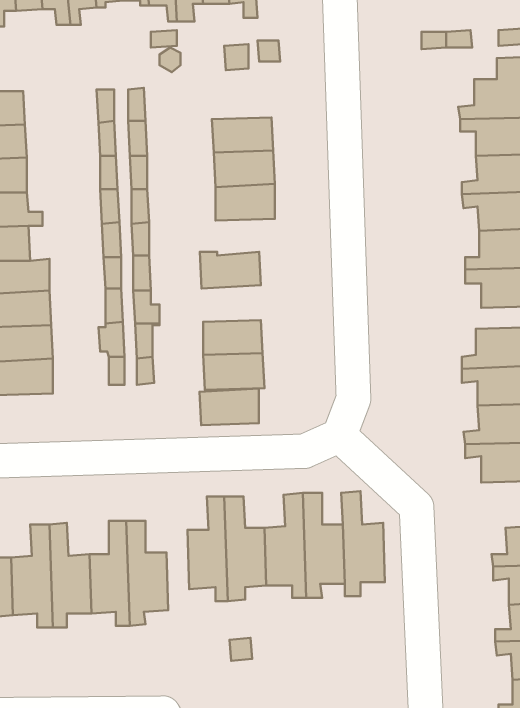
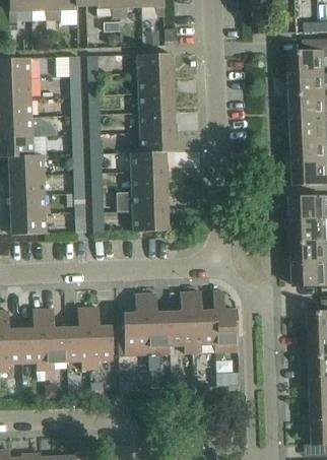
building: none -> [136,53,172,74]
building: none -> [139,132,175,153]
building: [199,388,259,425] -> [131,171,166,192]

